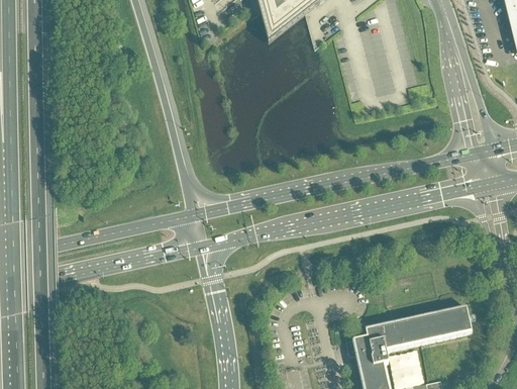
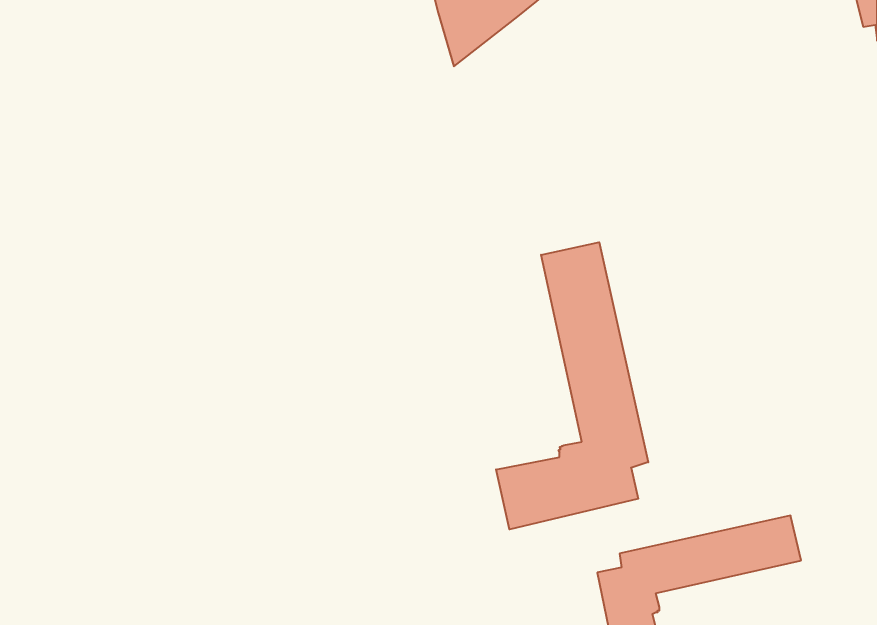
building: none -> [496,242,648,529]

